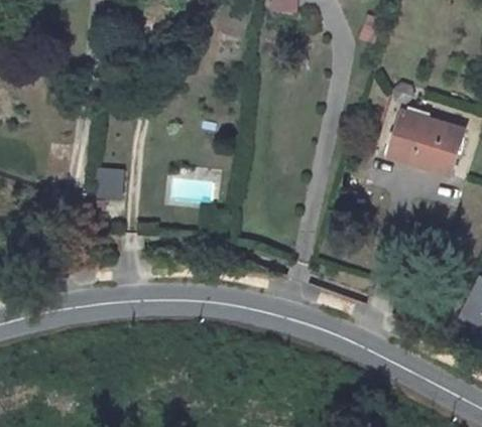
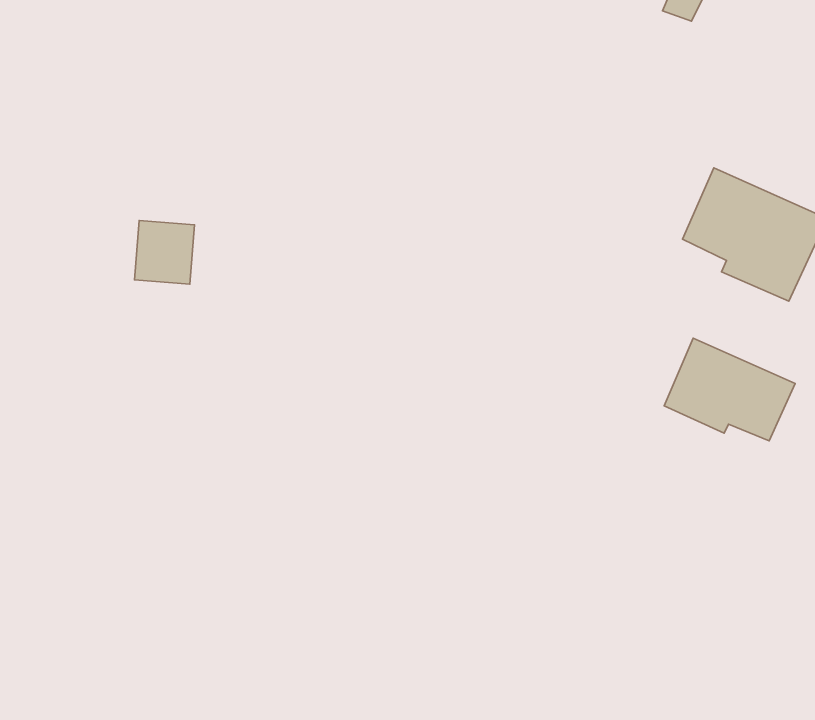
building: none -> [664,338,795,441]

